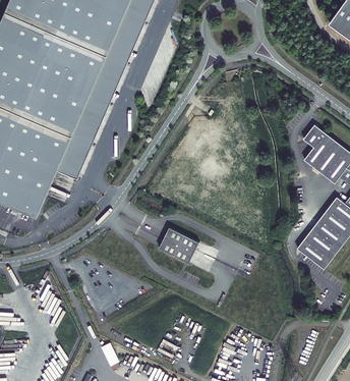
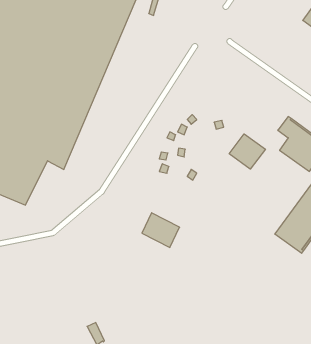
building: none -> [229,134,265,169]

